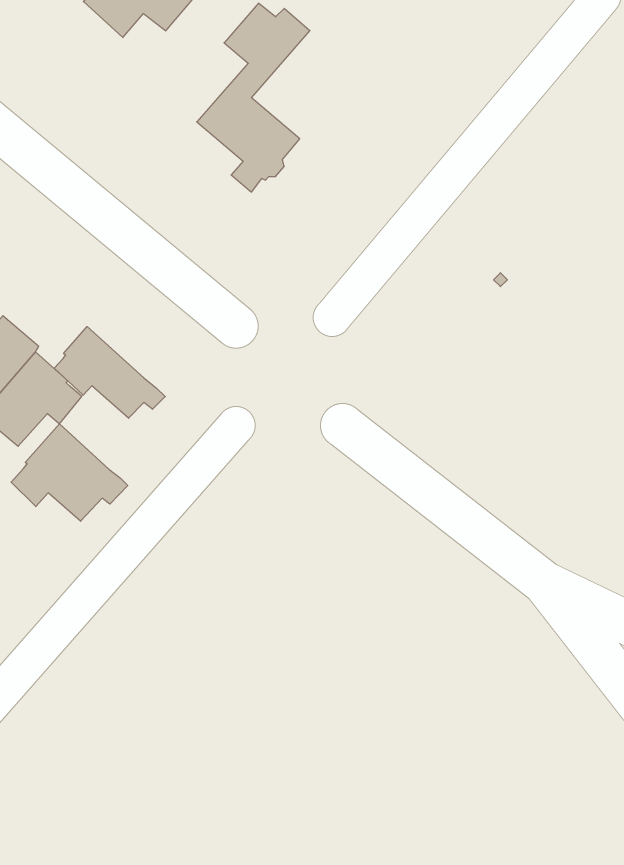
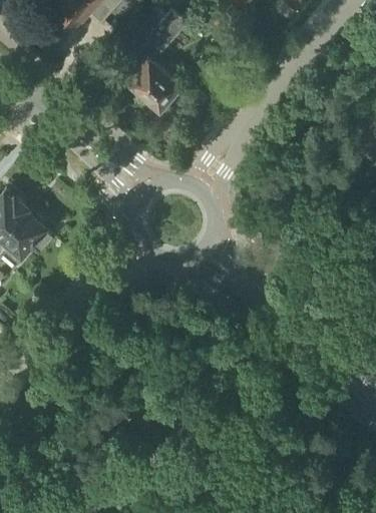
building: [54,327,165,418] -> none
building: [11,424,128,521] -> none

